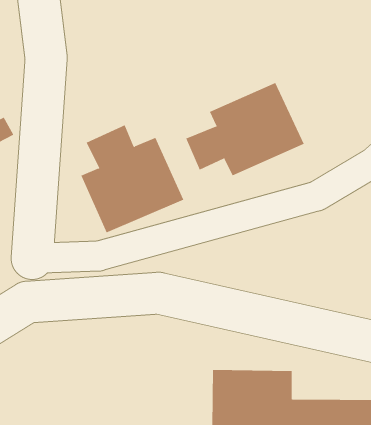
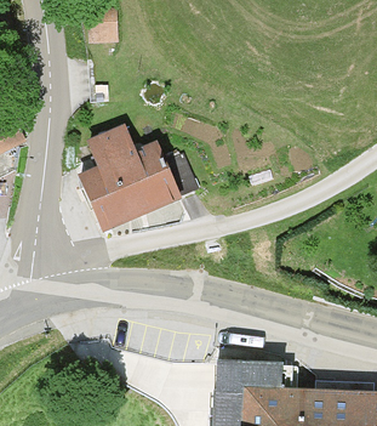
building: [185,82,305,176] -> none

